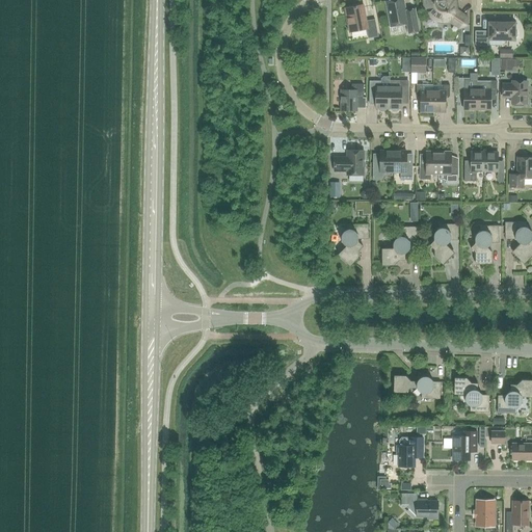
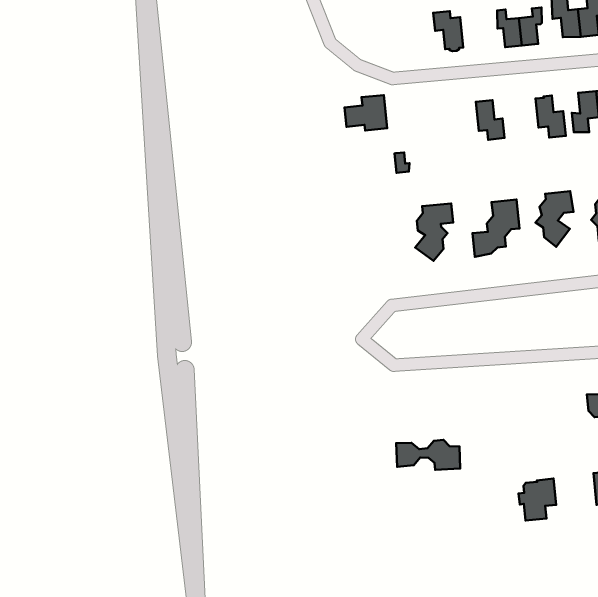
building: [389,80,408,110] -> none
building: [341,83,364,110] -> none
building: [334,150,364,175] -> [345,95,387,130]
building: [373,150,394,179] -> none
building: [420,151,438,179] -> none
building: [393,374,441,398] -> [396,440,460,470]
building: [401,493,437,518] -> none

